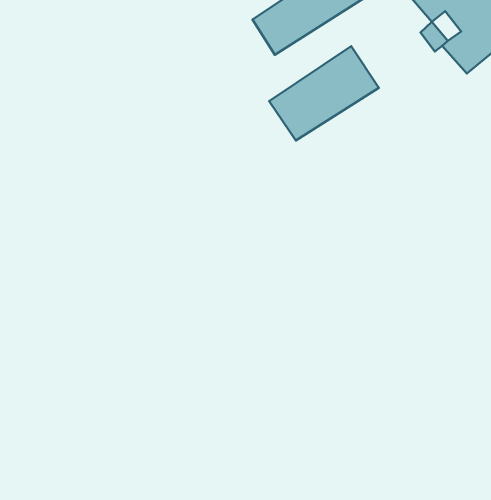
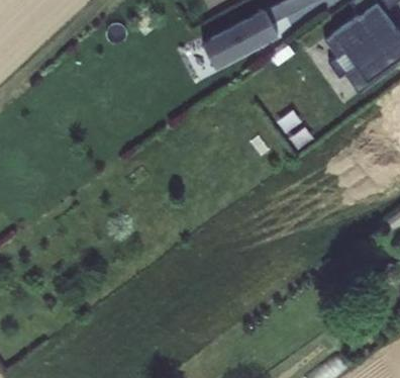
building: [269,46,379,141] -> none

